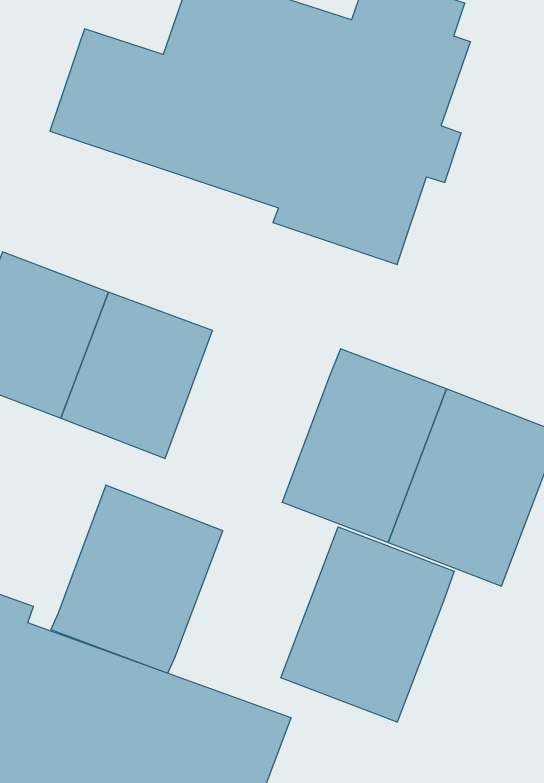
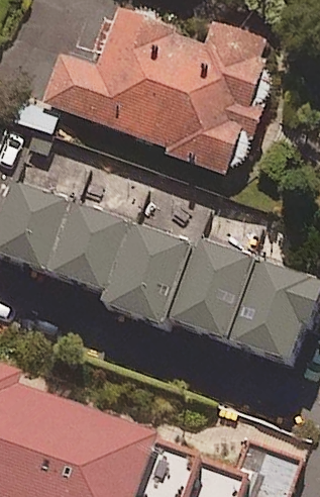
building: [51,485,223,673] -> [93,218,188,322]
building: [281,527,454,722] -> none

